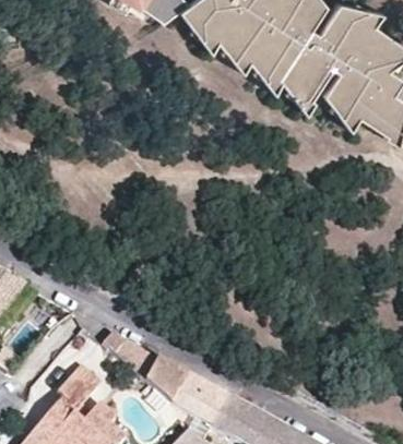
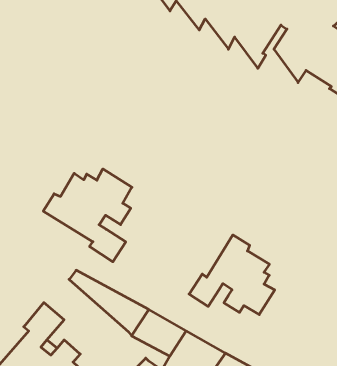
building: none -> [43,169,132,262]
building: none -> [189,235,275,315]

